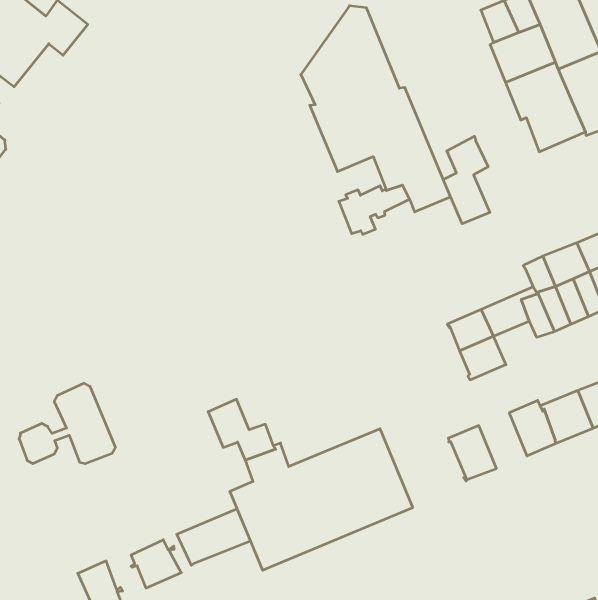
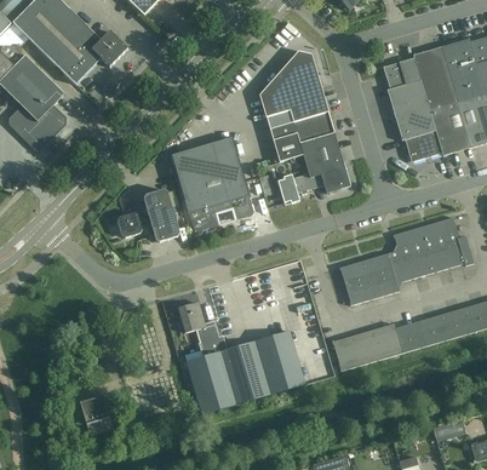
building: [443,136,490,224] -> none
building: none -> [171,137,253,230]
building: none -> [368,271,400,298]
building: [19,383,115,464] -> [118,189,179,241]
building: none -> [353,329,382,365]
building: [177,509,250,565] -> none
building: [131,540,181,588] -> none

